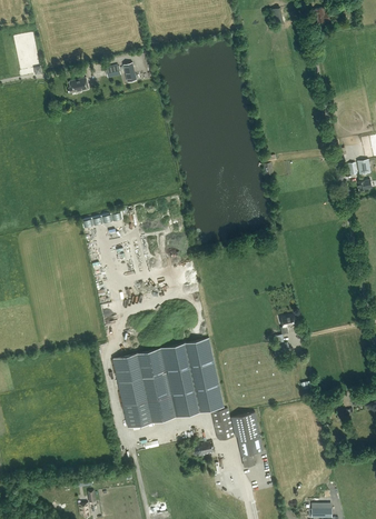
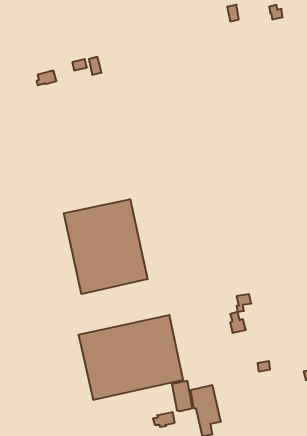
building: none -> [64,199,148,294]

